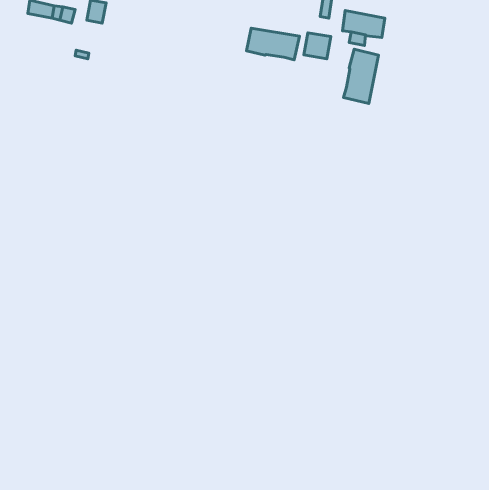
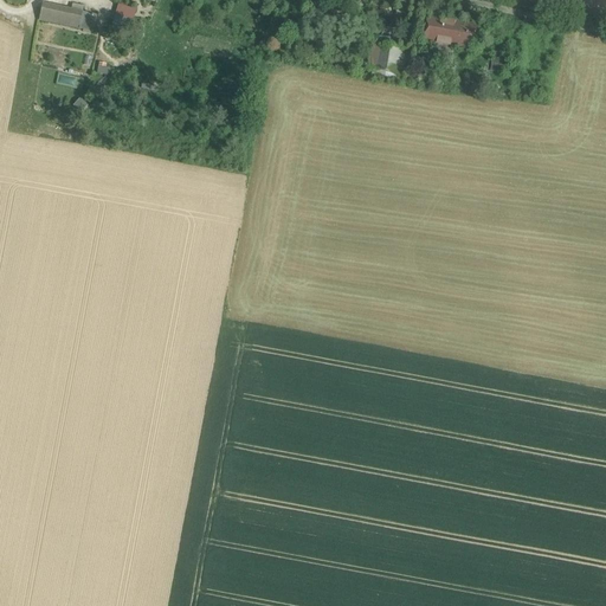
building: [246,28,299,60] -> none
building: [344,49,378,104] -> none

